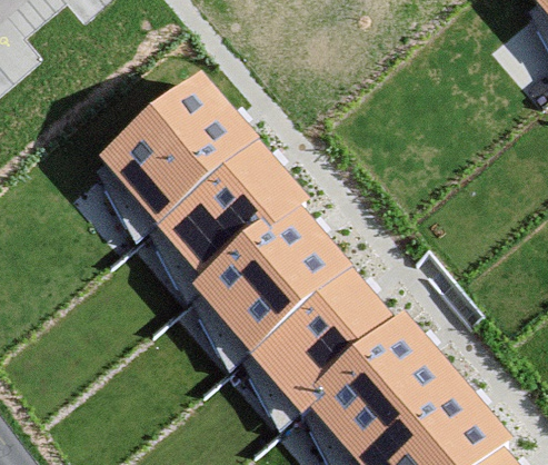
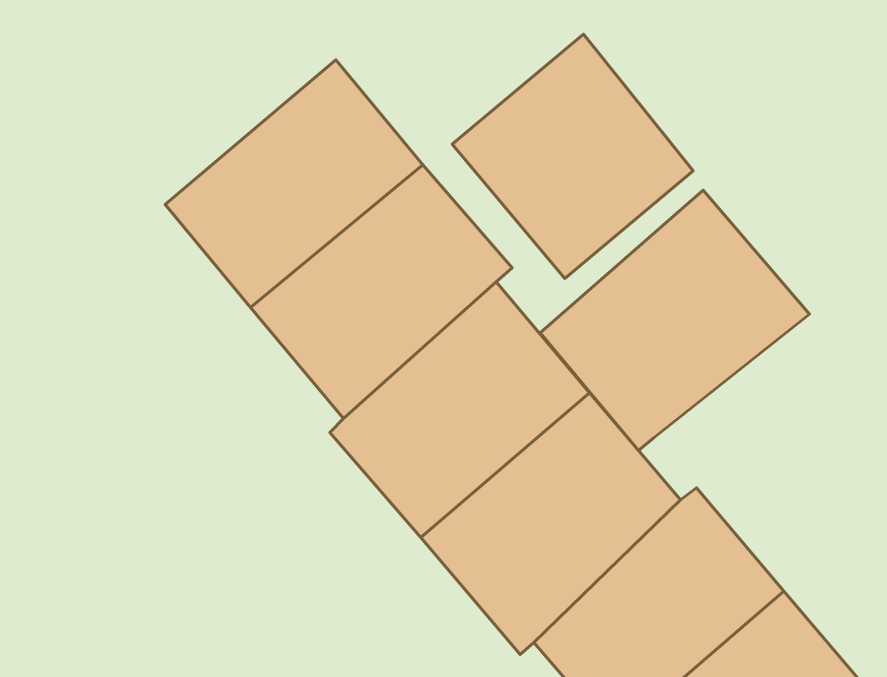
building: none -> [452,34,693,279]
building: none -> [540,190,809,450]

